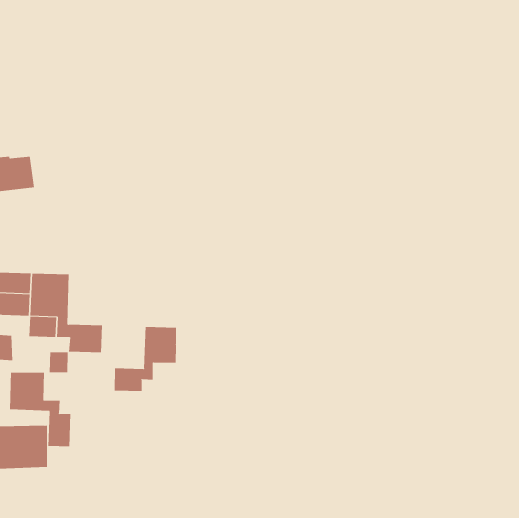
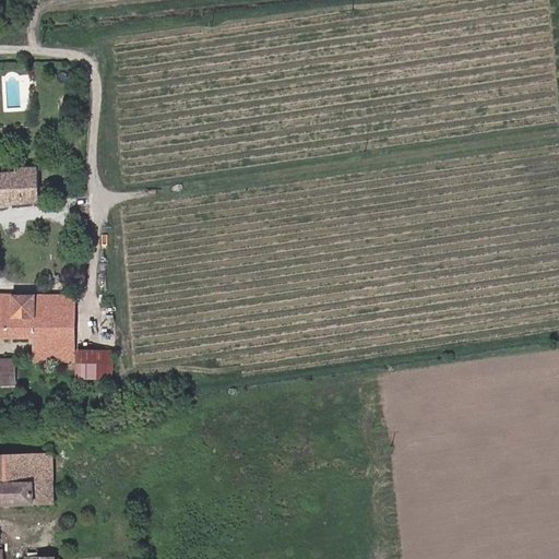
building: [114,326,177,392] -> none
building: [49,351,68,373] -> none
building: [9,372,71,447] -> none

